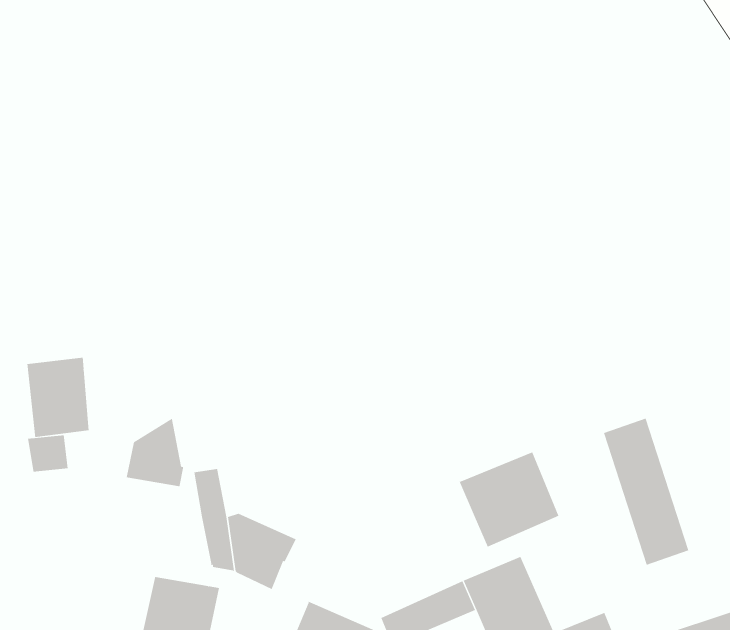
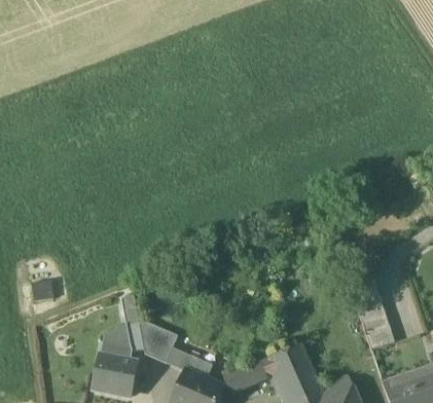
building: [27,357,89,438] -> none
building: [126,418,184,487] -> [100,323,132,361]
building: [459,451,559,547] -> none
building: none -> [165,347,212,378]

